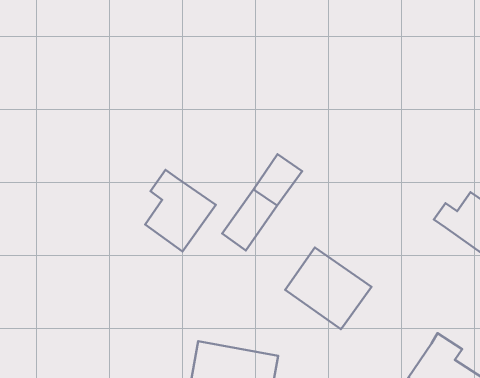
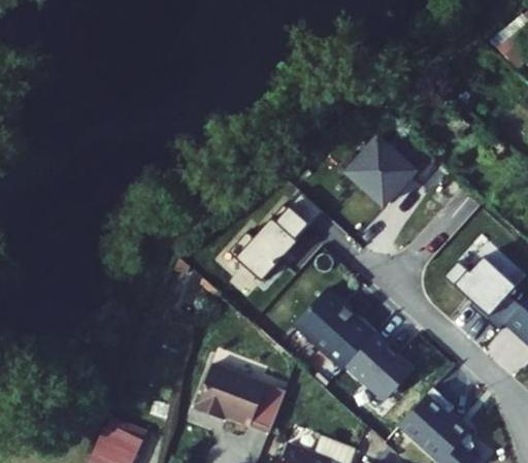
building: none -> [348,138,417,207]
building: [145,170,216,251] -> none
building: none -> [345,334,419,406]

